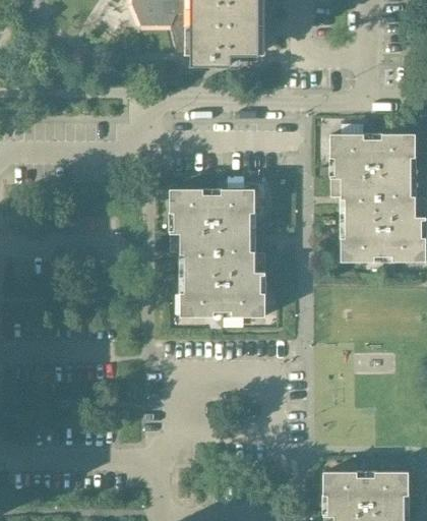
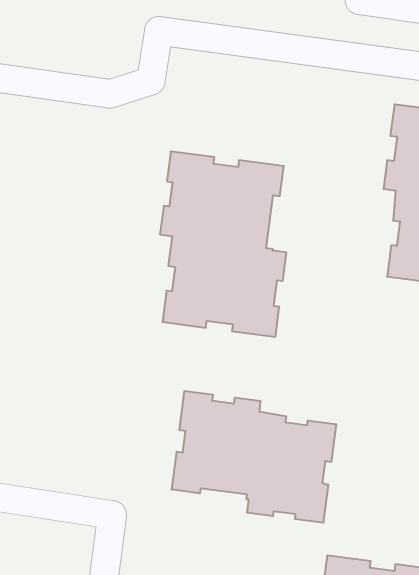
building: none -> [172,391,336,523]

